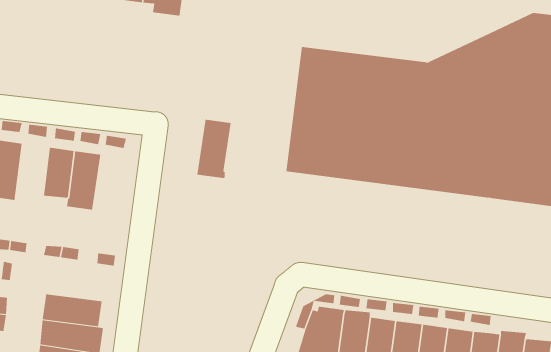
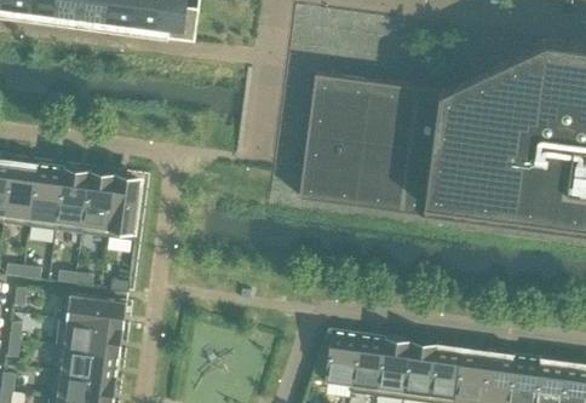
building: [196,119,232,180] -> [107,180,142,241]
building: none -> [29,165,63,230]
building: none -> [59,292,120,327]

